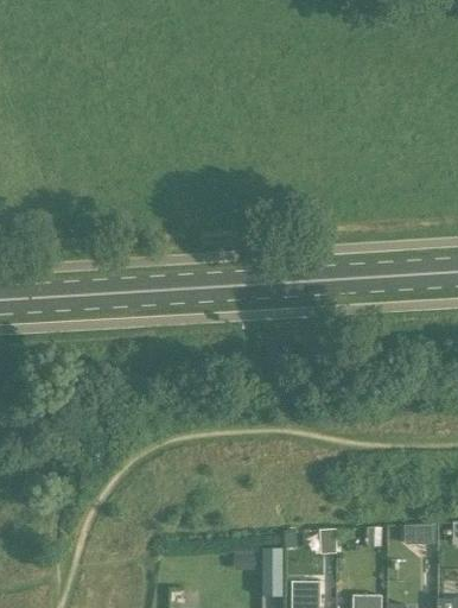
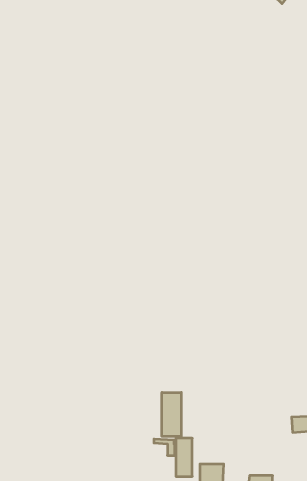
building: none -> [162,392,181,436]

